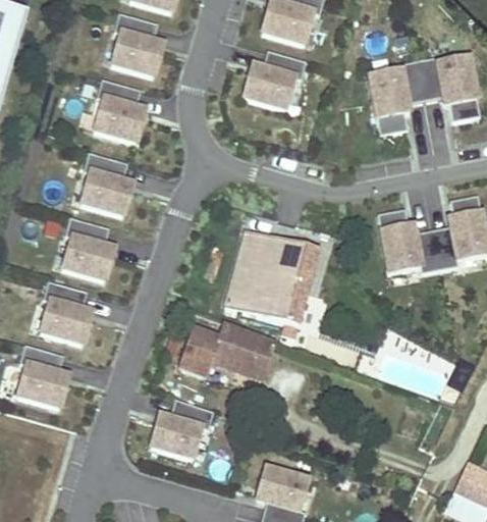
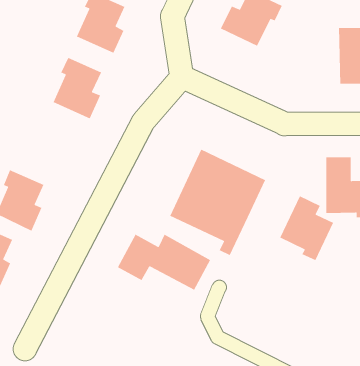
building: [62,217,112,279] -> none
building: none -> [279,195,334,261]
building: [151,398,213,458] -> none

